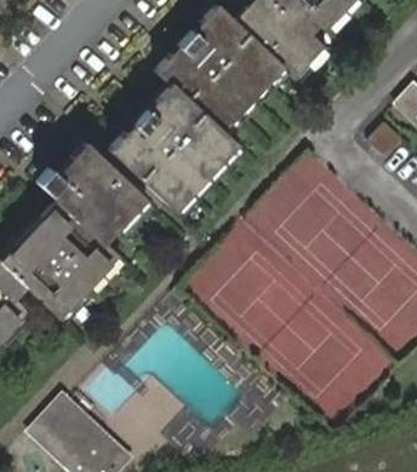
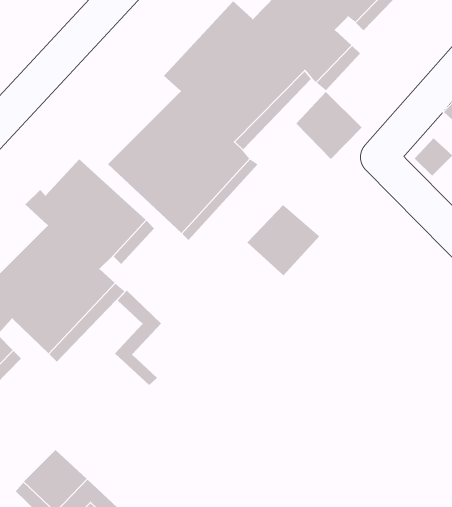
building: none -> [296,91,363,160]
building: none -> [247,204,320,276]
building: none -> [114,290,162,386]

